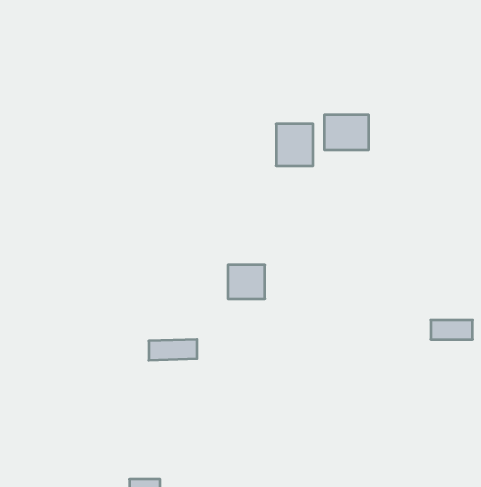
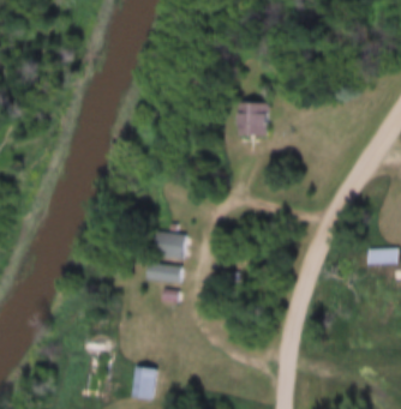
building: [325,115,368,150] -> none
building: [228,265,265,299] -> [164,233,192,258]

